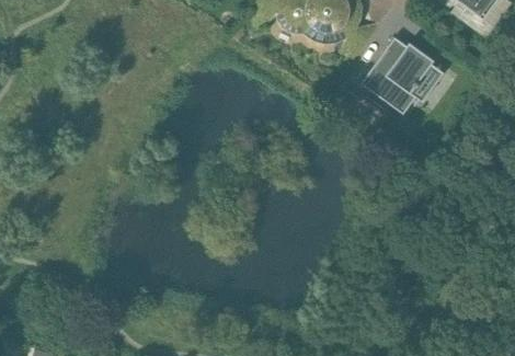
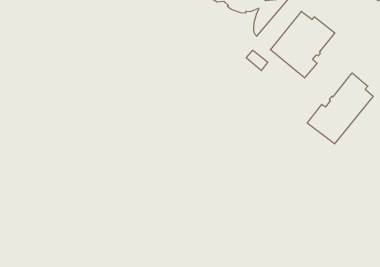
building: none -> [307,73,373,144]

